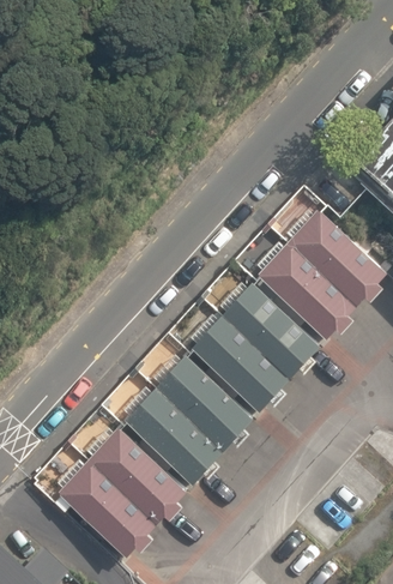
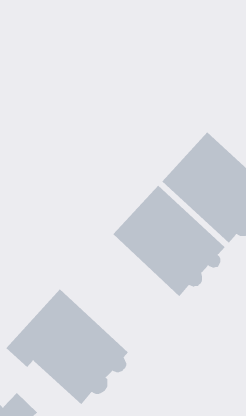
building: [110,336,265,489] -> none

